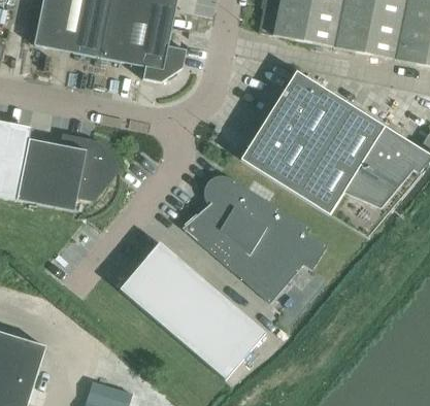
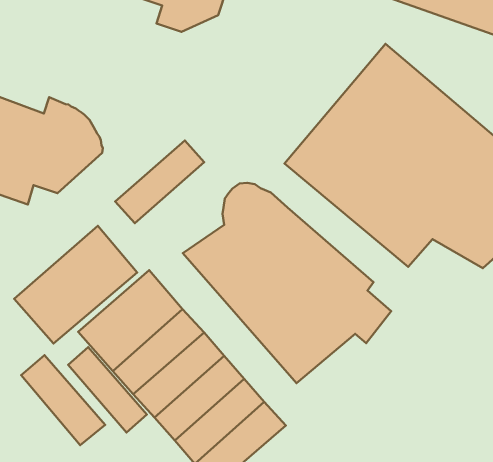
building: none -> [115,141,204,223]
building: none -> [14,226,137,344]
building: none -> [68,347,147,432]
building: none -> [21,355,105,445]

